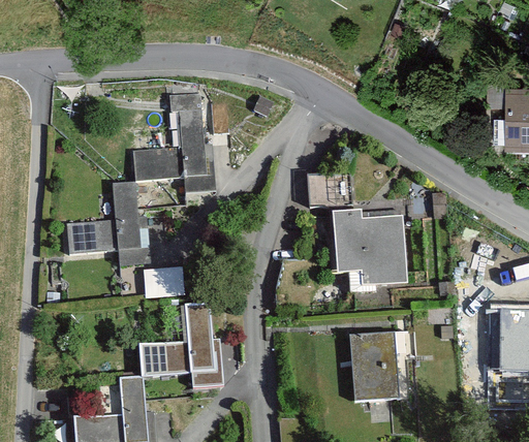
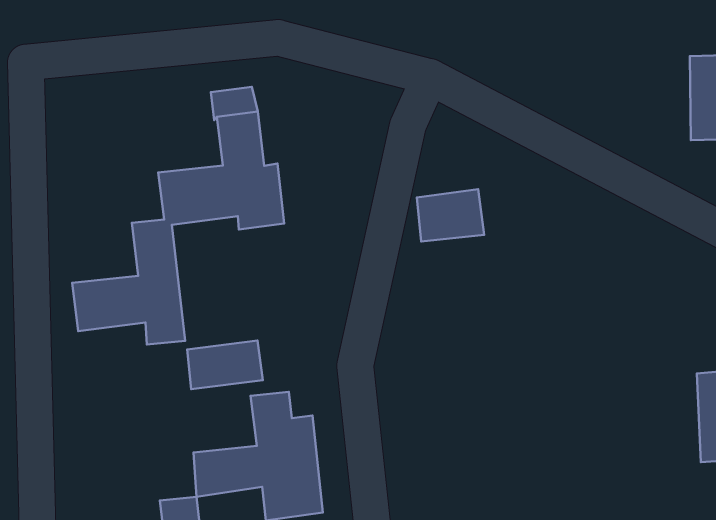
building: [331,210,407,282] -> none
building: [356,333,403,399] -> none

